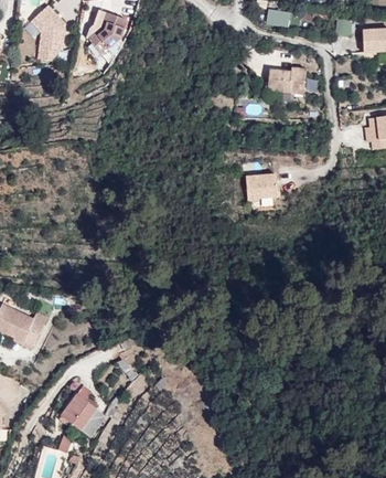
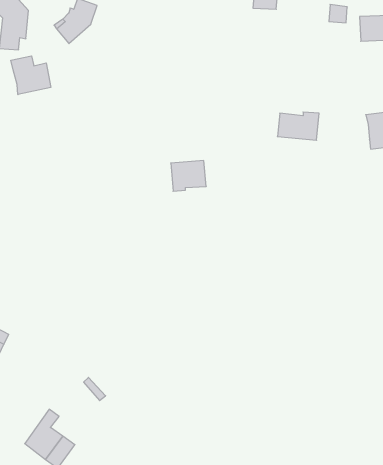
building: none -> [11,56,51,95]
building: [267,67,304,93] -> [277,112,319,140]
building: [245,173,277,201] -> [171,161,206,191]

